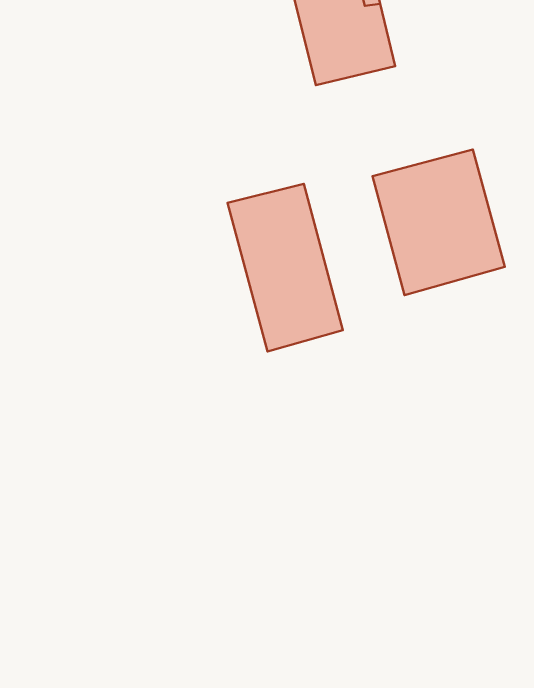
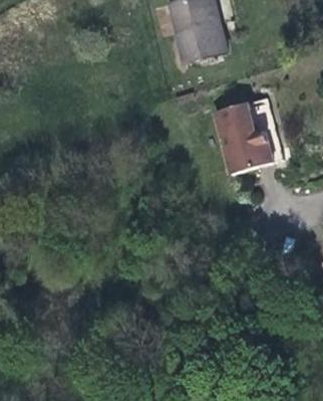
building: [227,184,343,351] -> none

